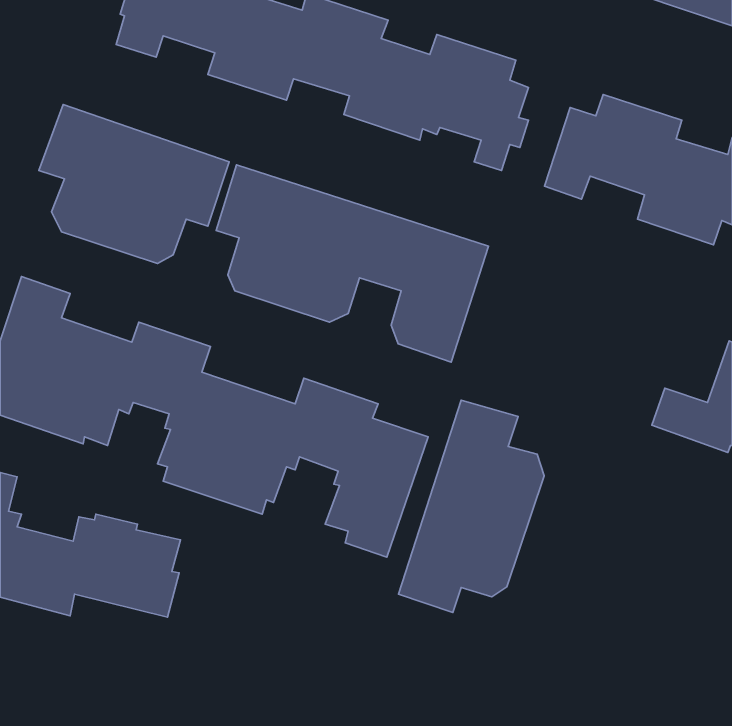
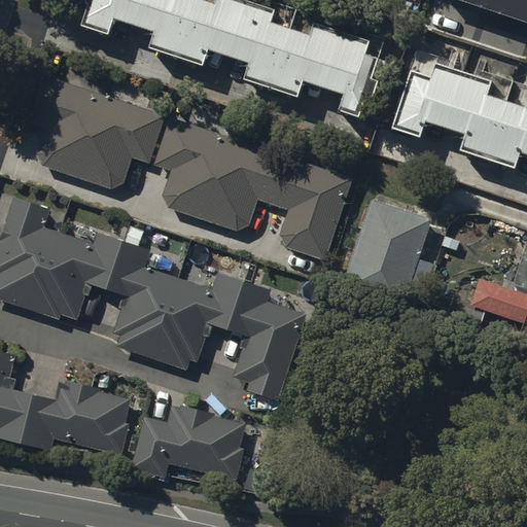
building: none -> [346,202,438,305]
building: [399,400,544,612] -> none
building: none -> [133,395,247,469]

